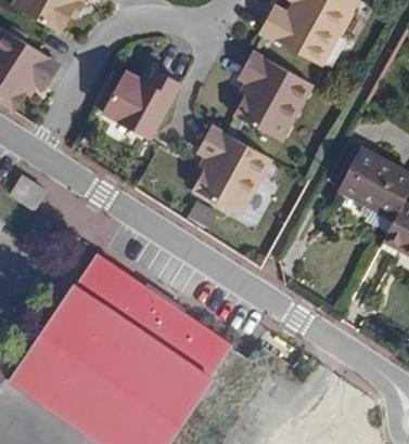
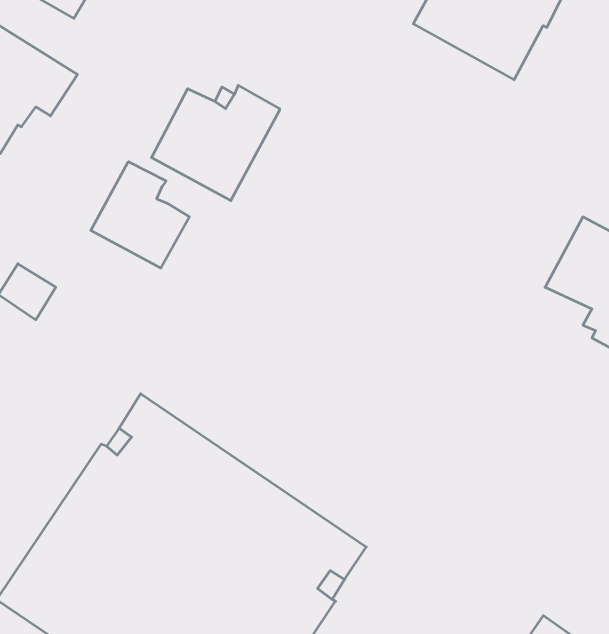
building: [220,61,310,143] -> none
building: none -> [91,162,189,268]
building: [191,127,269,217] -> none

